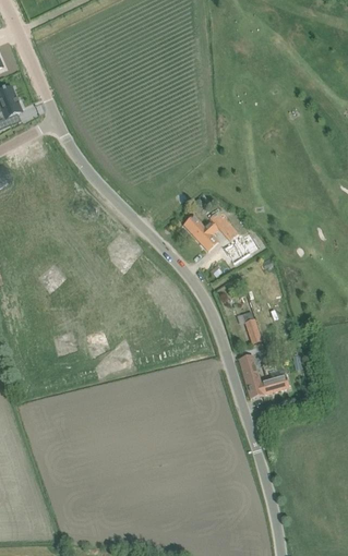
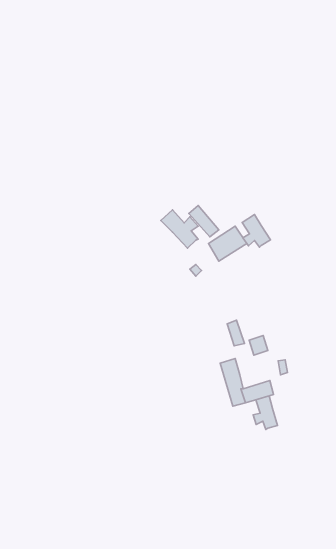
building: none -> [242,214,270,247]
building: none -> [253,396,278,429]

